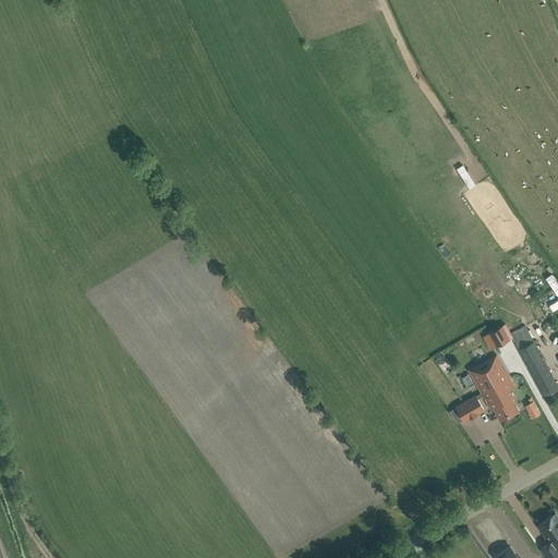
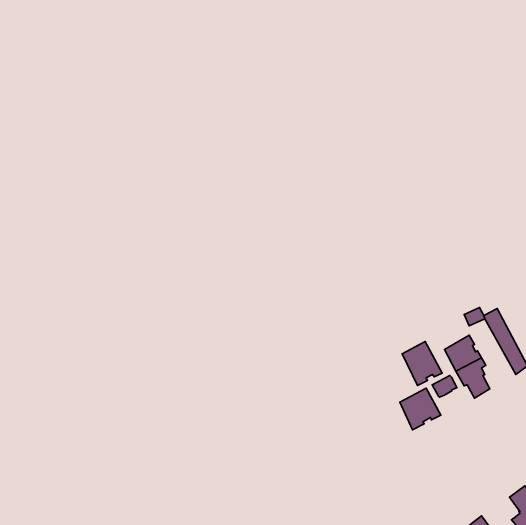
building: none -> [402,341,442,385]
building: none -> [400,388,441,430]

